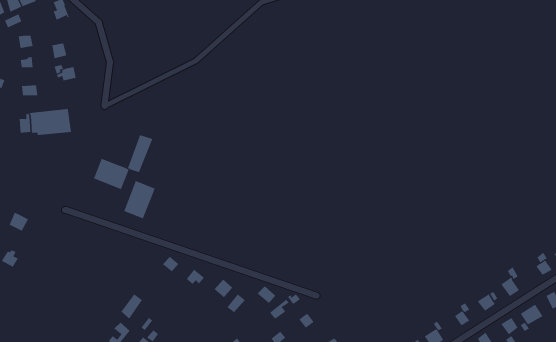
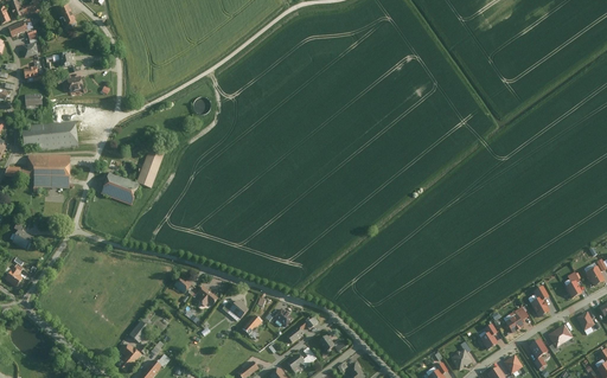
building: none -> [26,154,70,188]
building: [123,180,155,219] -> none

